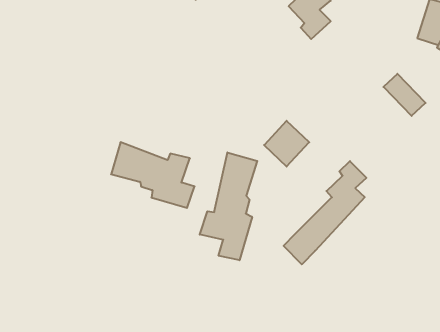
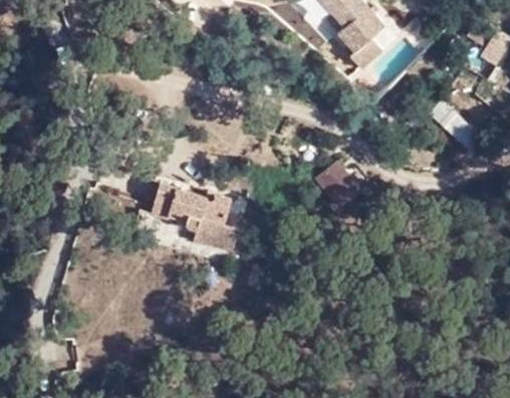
building: [200,152,257,260] -> none
building: [284,161,366,264] -> none

